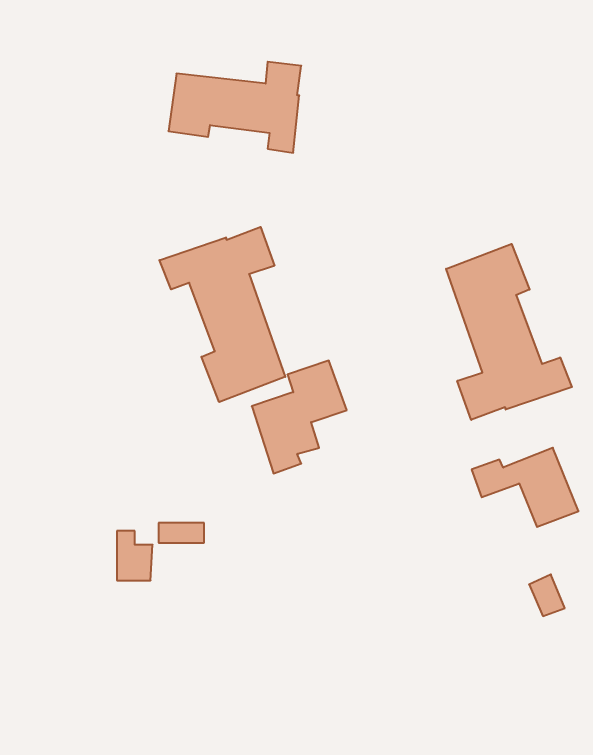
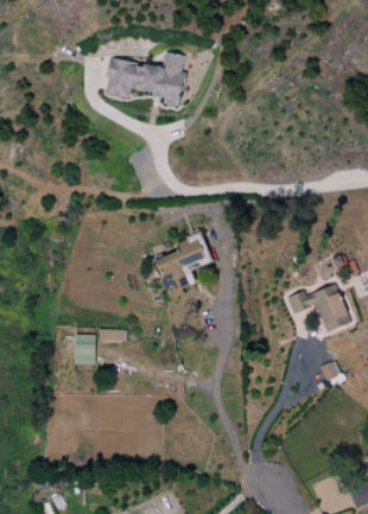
building: [159,227,285,402] -> none
building: [446,244,572,420] -> none

